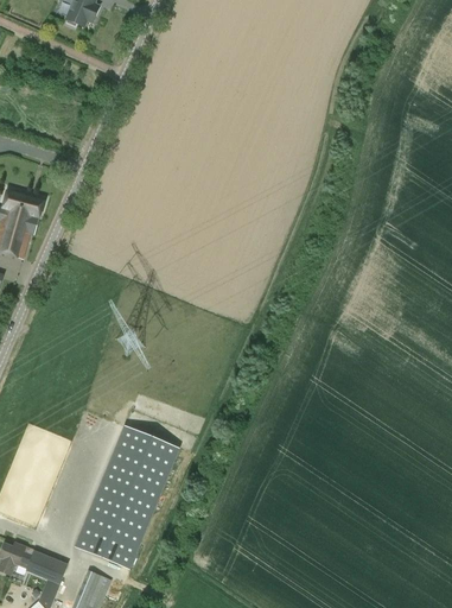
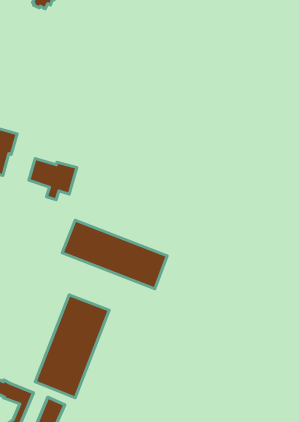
building: none -> [29,159,77,200]
building: none -> [62,220,167,289]

